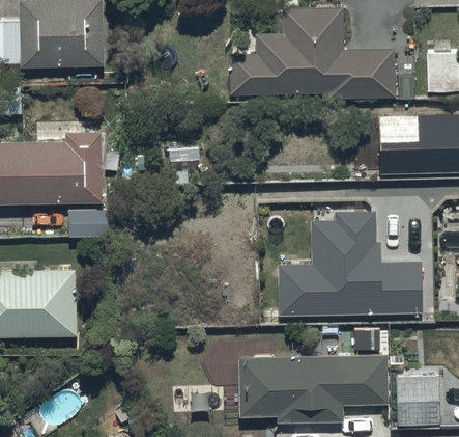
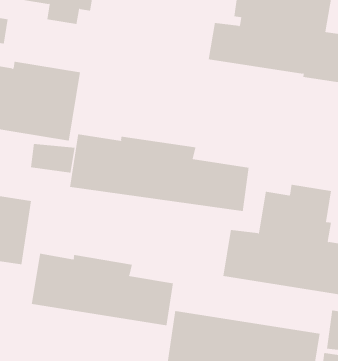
building: none -> [70,134,249,212]
building: none -> [31,253,173,326]

